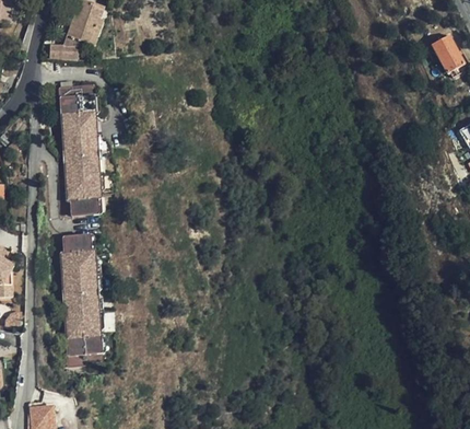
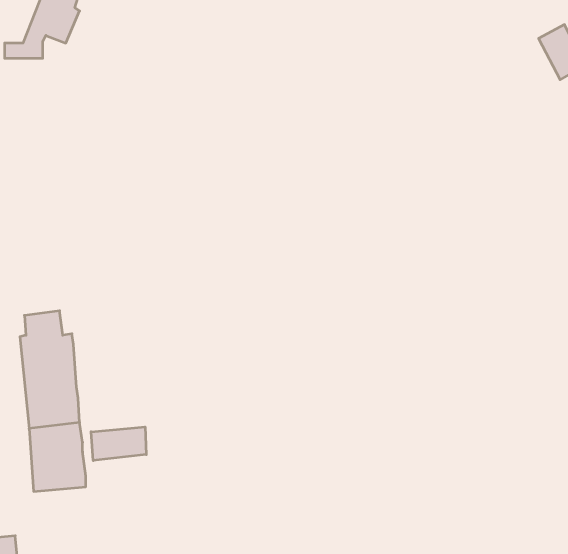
building: [59,90,99,217] -> none
building: none -> [91,427,146,461]

